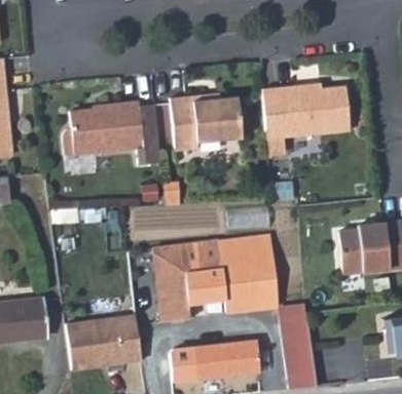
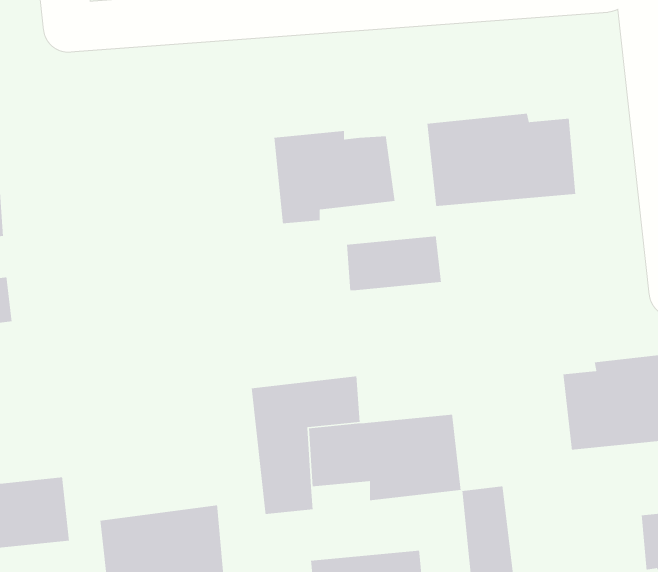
building: [63,102,160,163] -> none
building: [218,233,275,266] -> [346,235,442,291]

